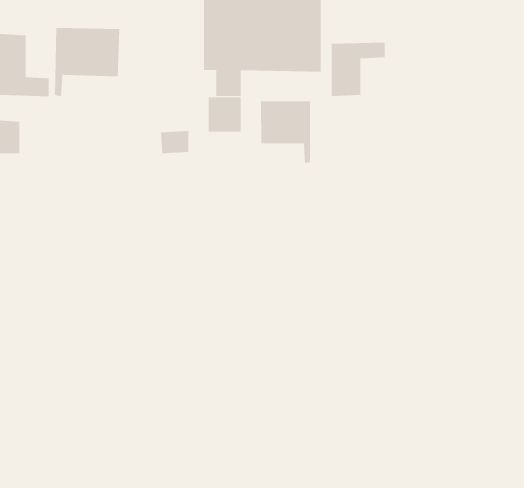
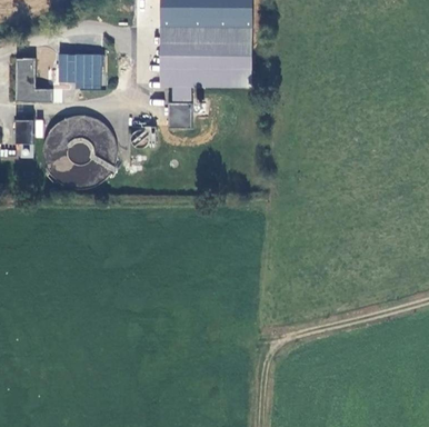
building: [331,42,385,97] -> none
building: [261,100,310,164] -> none
building: none -> [41,112,120,188]

